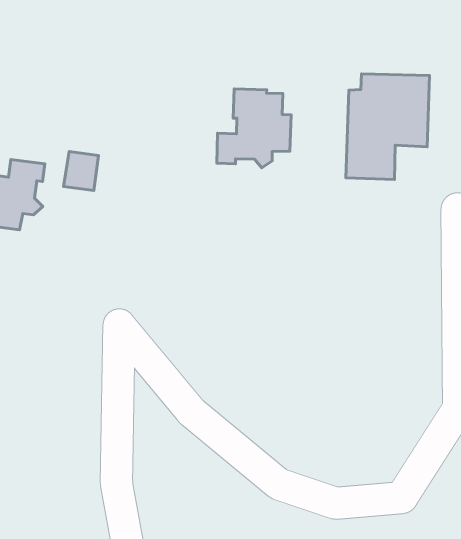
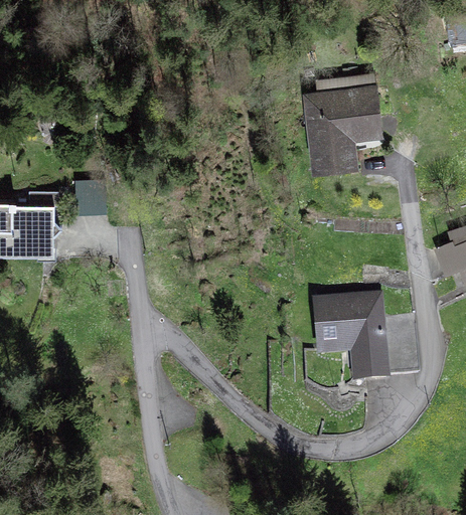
building: [217,89,291,168] -> none
building: none -> [316,298,386,379]

